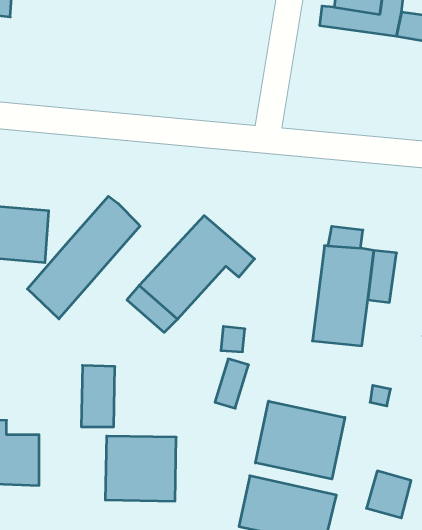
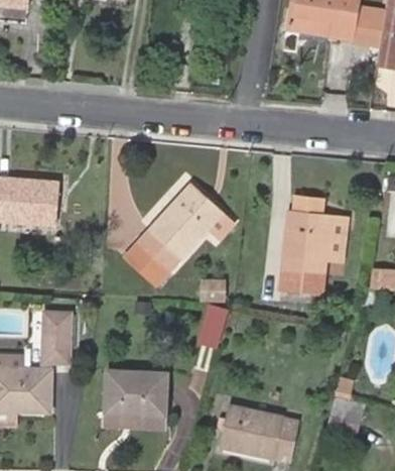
building: [27,196,140,319] -> none
building: [81,365,115,427] -> [42,312,71,363]
building: [255,401,345,479] -> none

